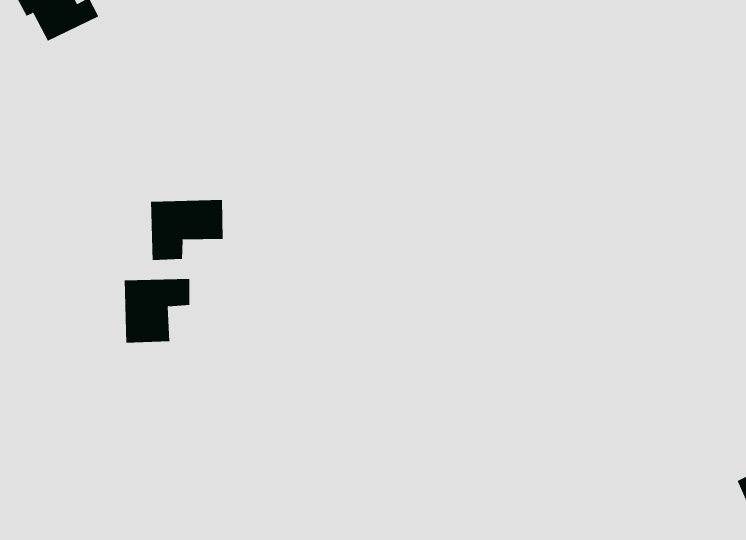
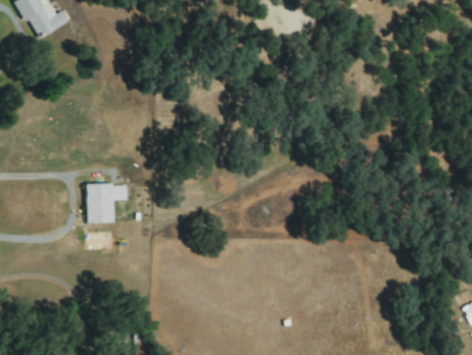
building: [150,199,223,261] -> none

